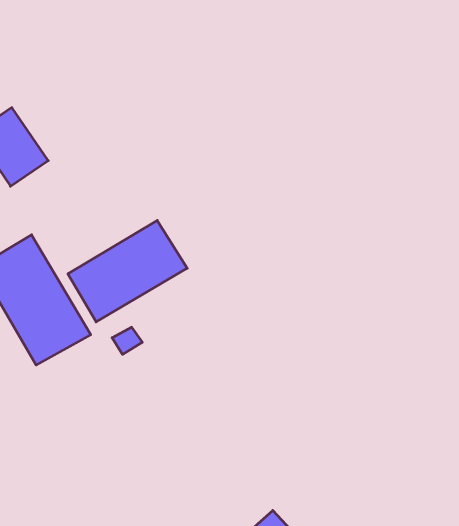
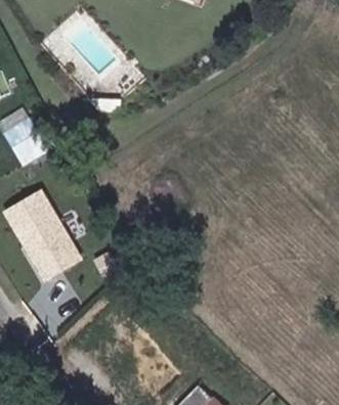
building: [68,220,187,322] -> none

